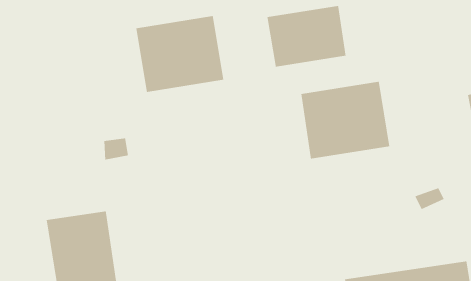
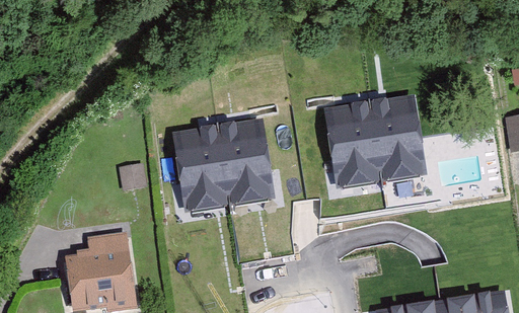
building: [267,5,346,67] -> none
building: [136,15,224,93] -> [176,127,269,207]

